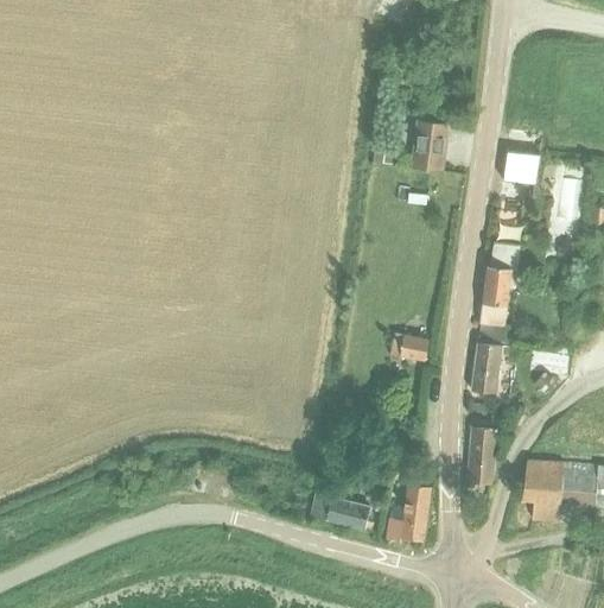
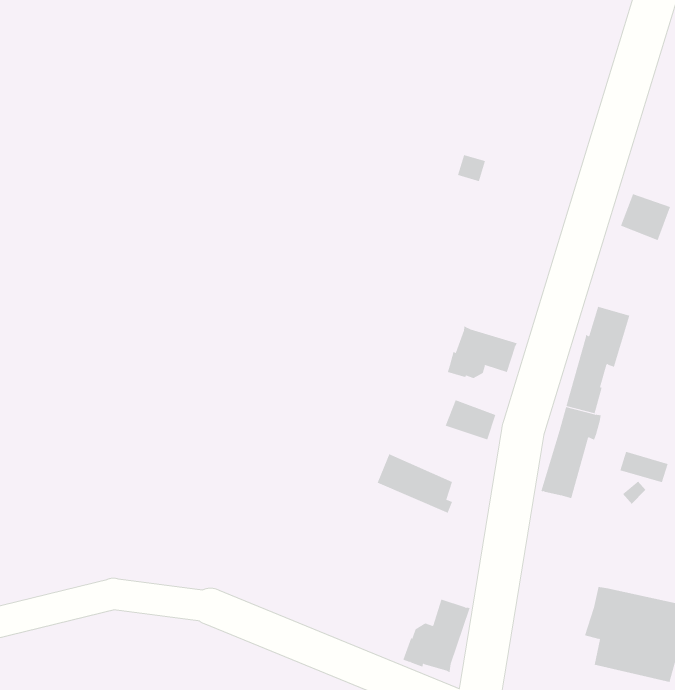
building: [413,121,449,170] -> none
building: none -> [447,325,517,379]
building: [466,426,496,483] -> none
building: [311,492,371,531] -> [377,454,453,514]

